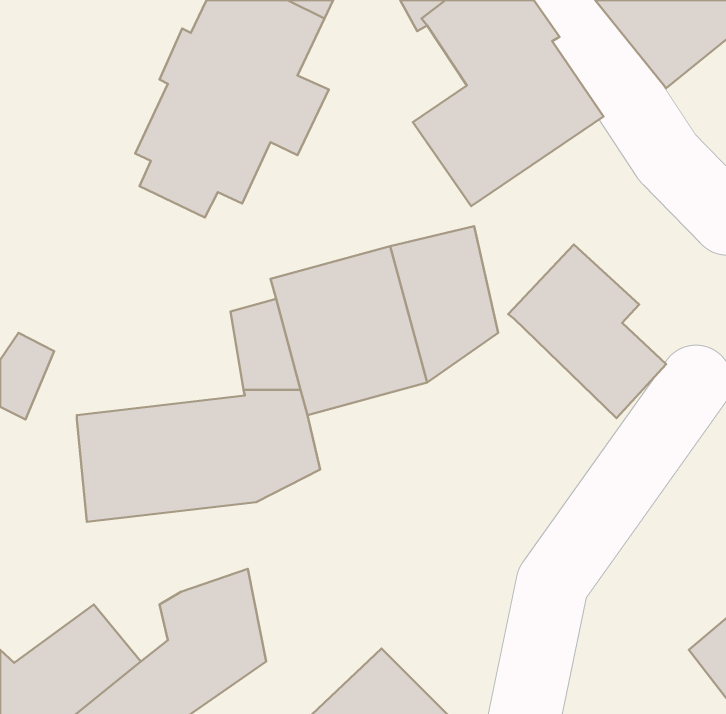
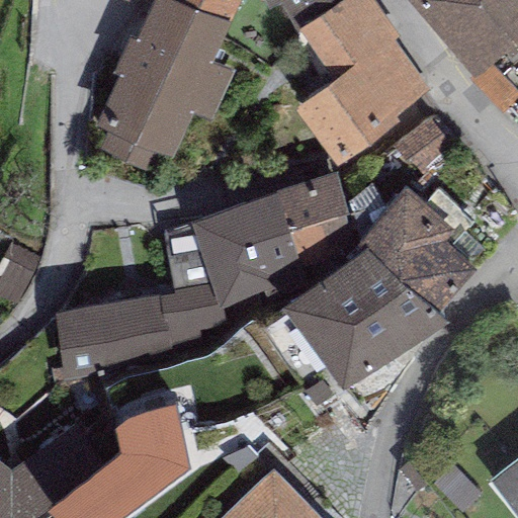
building: none -> [281,236,448,387]

